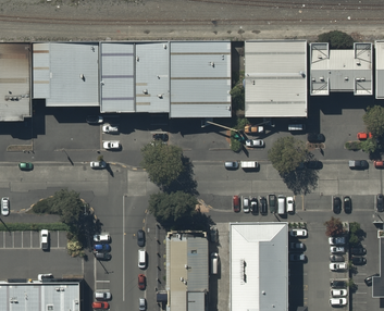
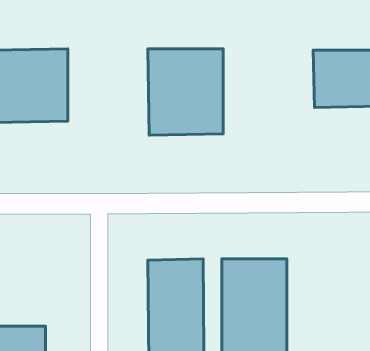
building: [245,42,305,120] -> none
building: [98,45,166,116] -> none

